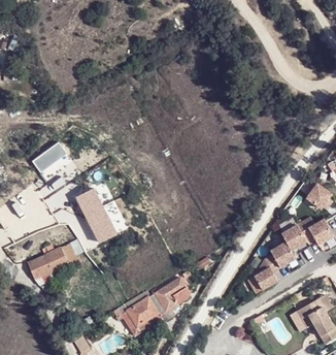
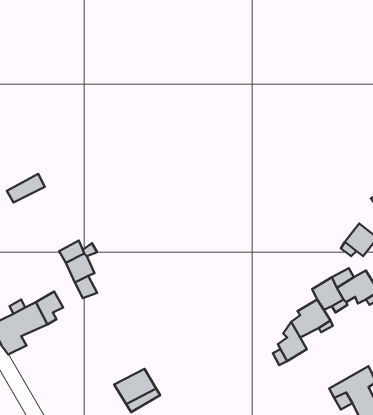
building: [156,276,192,309] -> none

